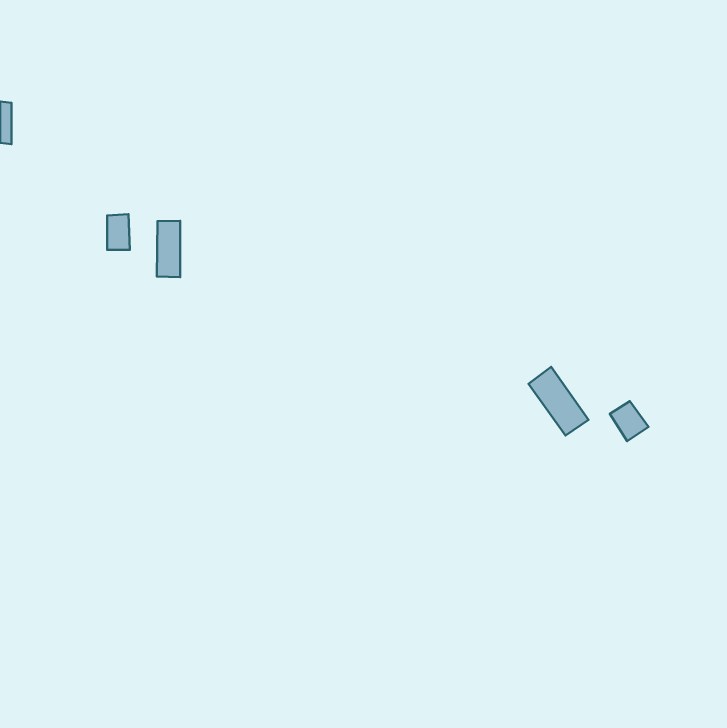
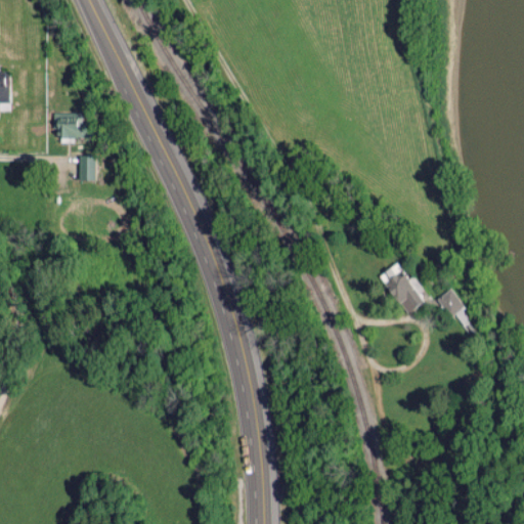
building: none -> [56,115,86,141]
building: [157,221,180,277] -> none

